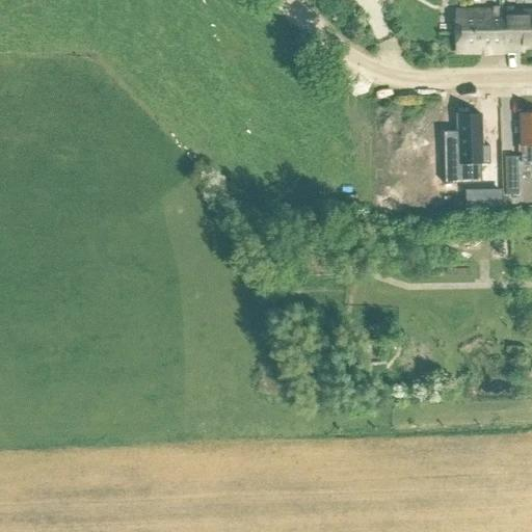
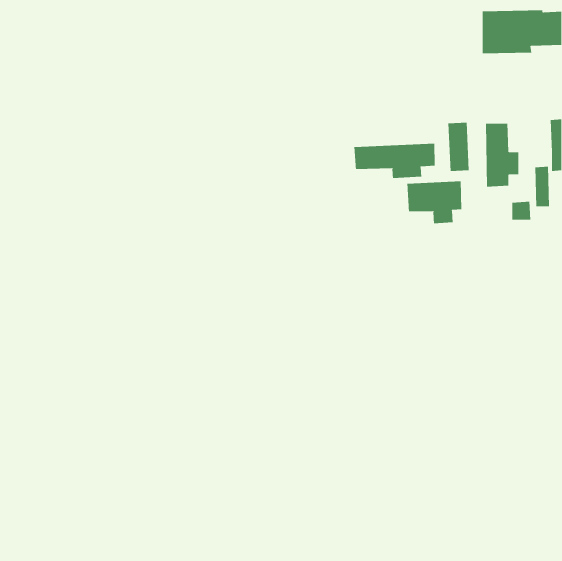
building: none -> [354,143,435,179]
building: none -> [407,181,462,224]

